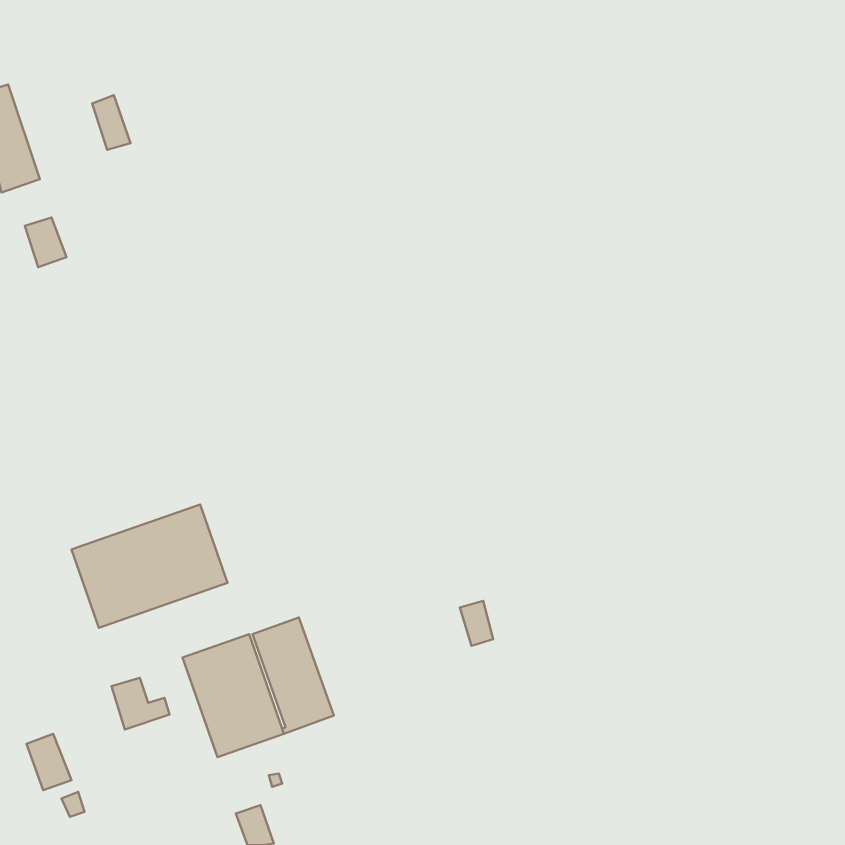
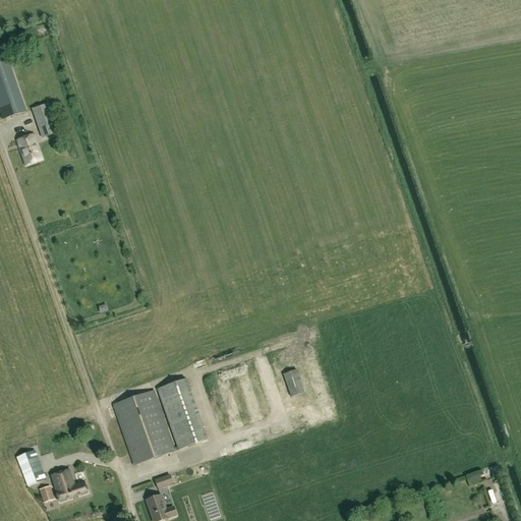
building: [92,95,130,150] -> [32,103,55,136]
building: [71,505,228,628] -> none
building: [112,678,170,729] -> [51,469,86,501]

